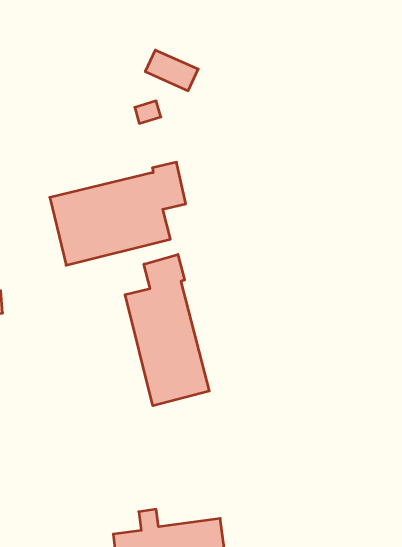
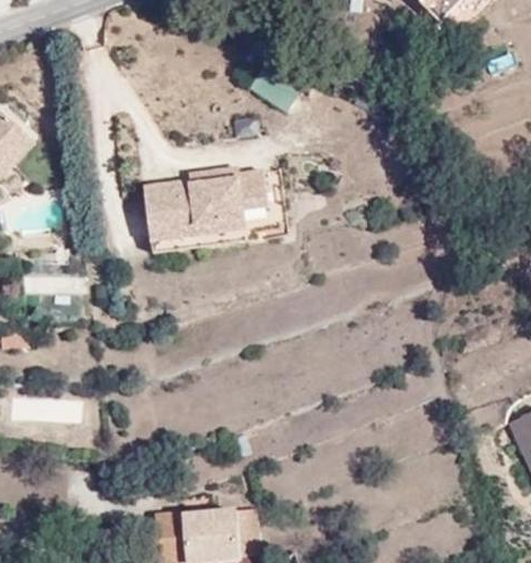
building: [125,254,209,406] -> none

